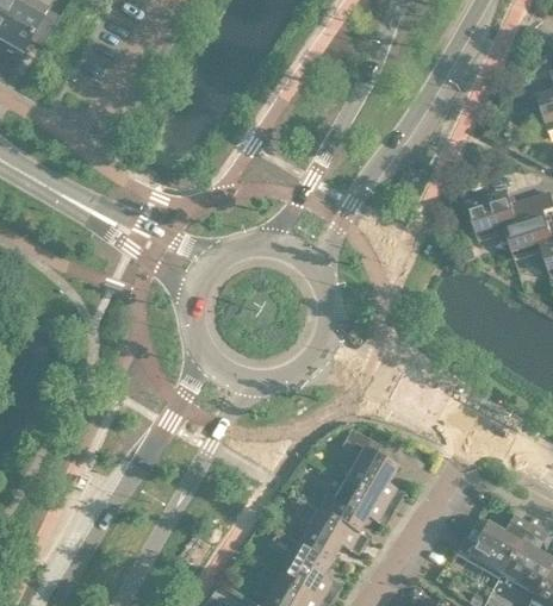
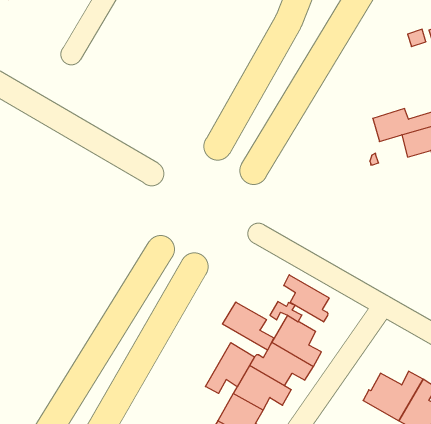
building: none -> [284,275,329,322]
building: none -> [222,302,274,350]
building: none -> [205,343,254,393]

